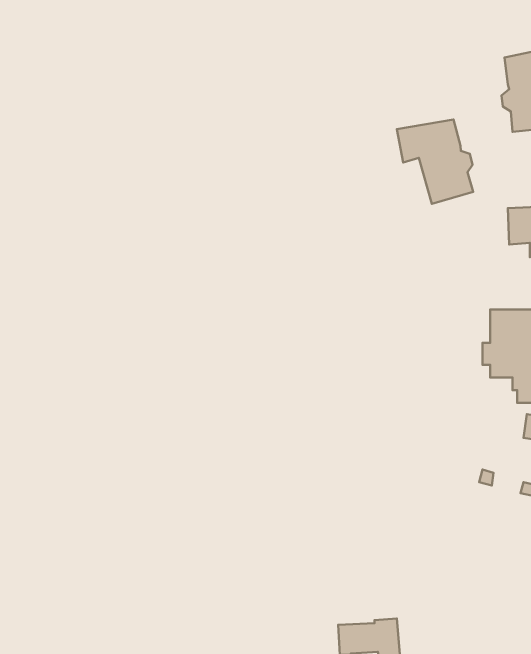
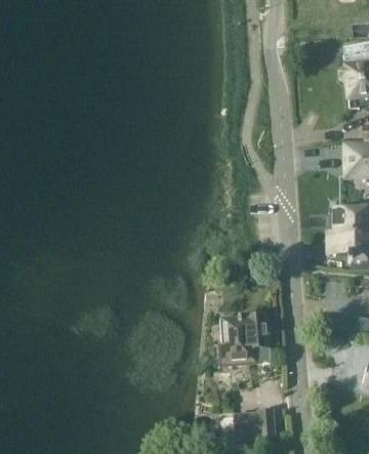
building: [397,119,473,204] -> none
building: none -> [221,315,272,359]

